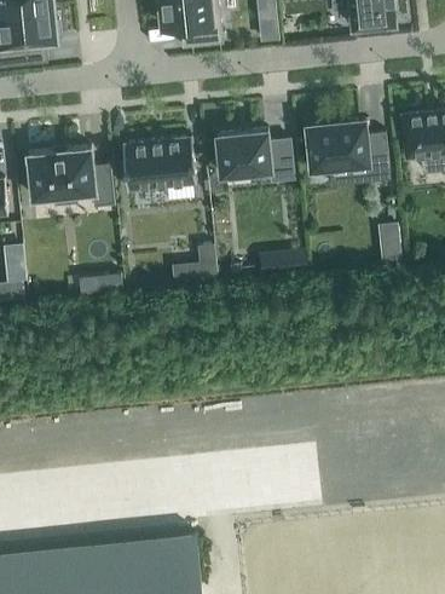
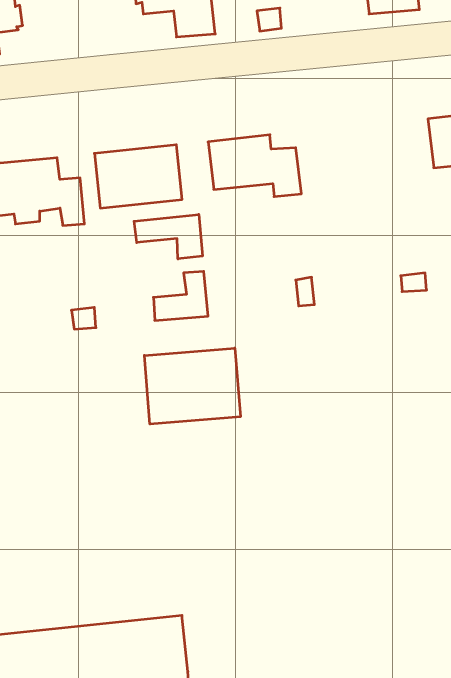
building: [306,121,388,174] -> none
building: none -> [134,214,202,259]
building: none -> [144,348,240,424]

